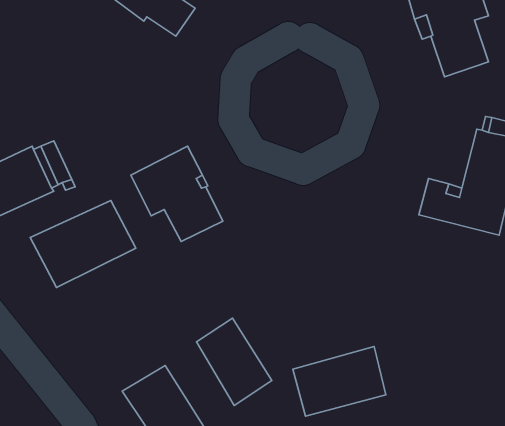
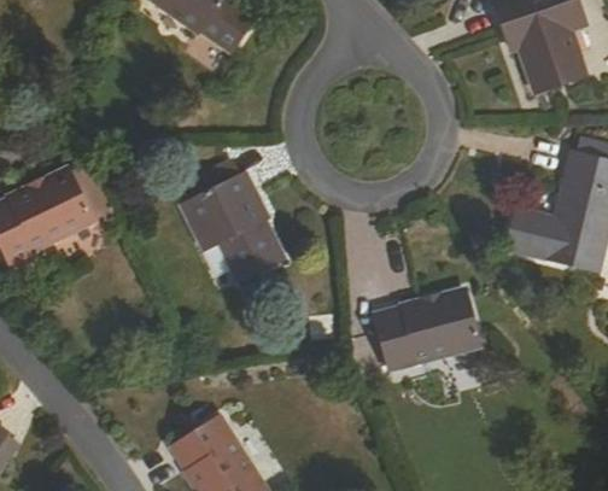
building: [30,200,136,288] -> none
building: [197,318,272,405] -> none
building: [293,347,386,416] -> [374,290,479,368]

